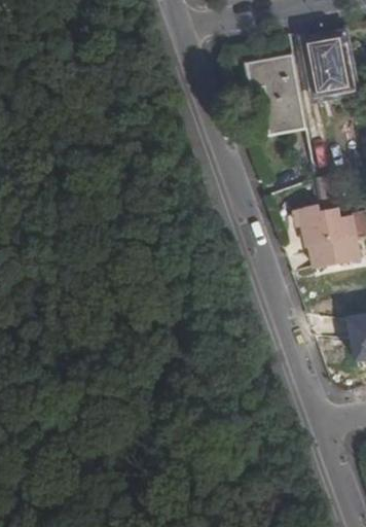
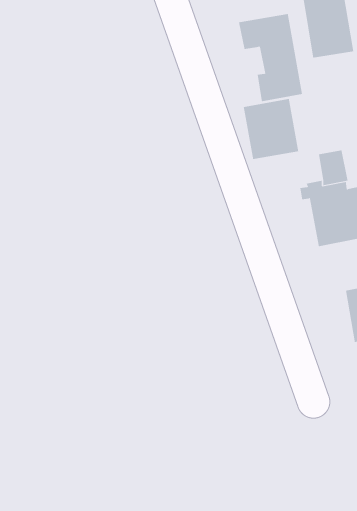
building: none -> [243,98,299,160]

